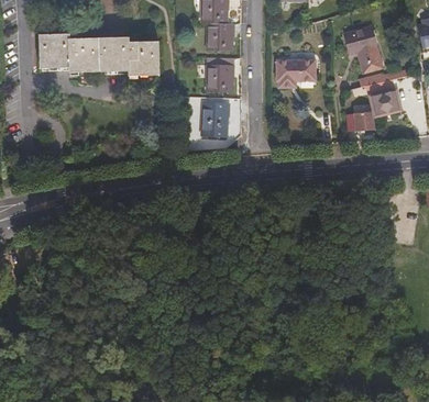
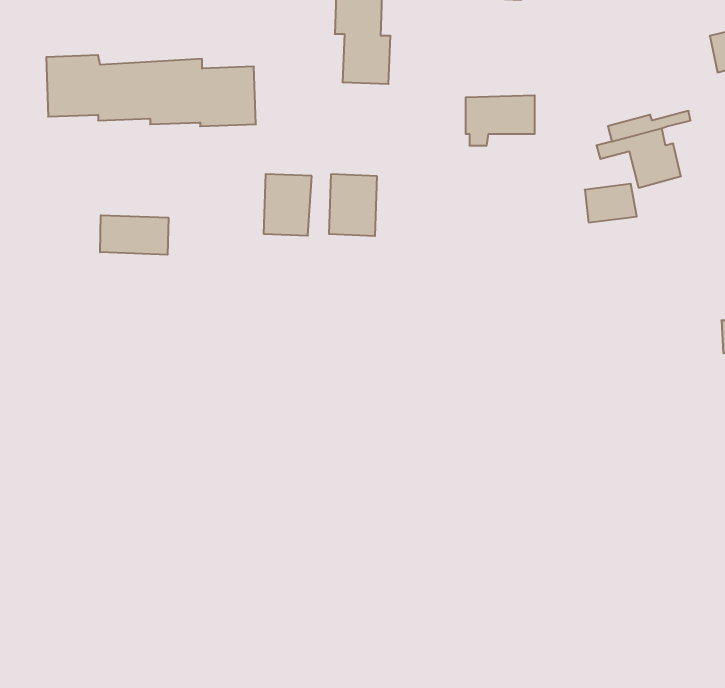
building: [343,25,380,71] -> none
building: [206,57,233,92] -> [264,174,312,236]
building: none -> [100,215,168,255]

